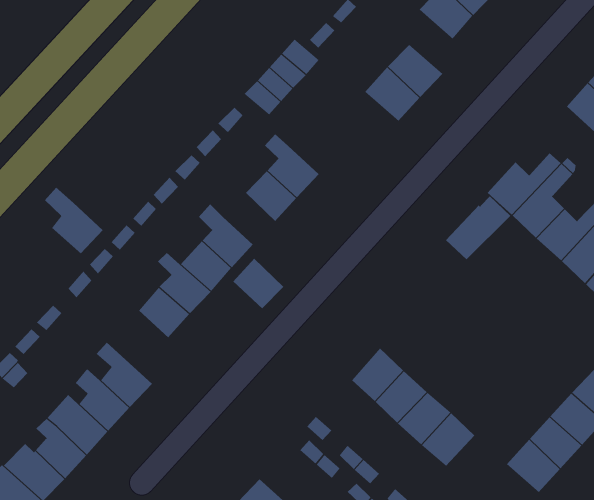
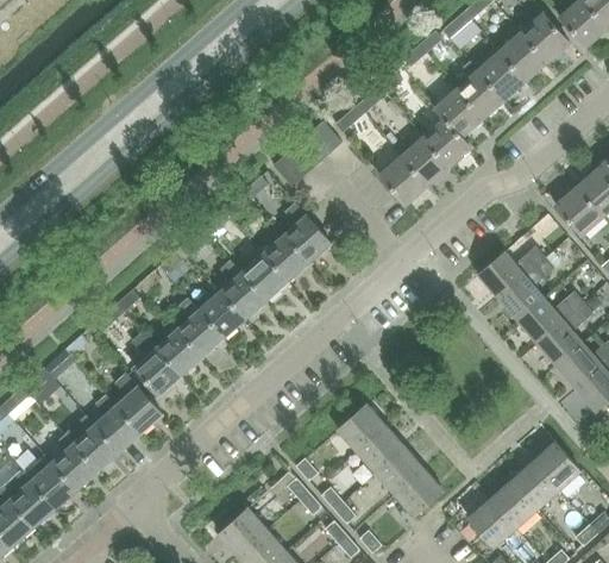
building: none -> [422,118,471,167]
building: [44,187,104,254] -> [131,332,181,394]
building: [445,196,511,260] -> none
building: [233,258,284,309] -> [241,254,287,300]

